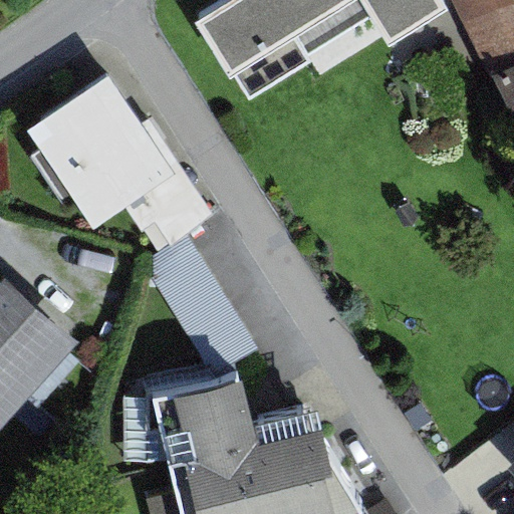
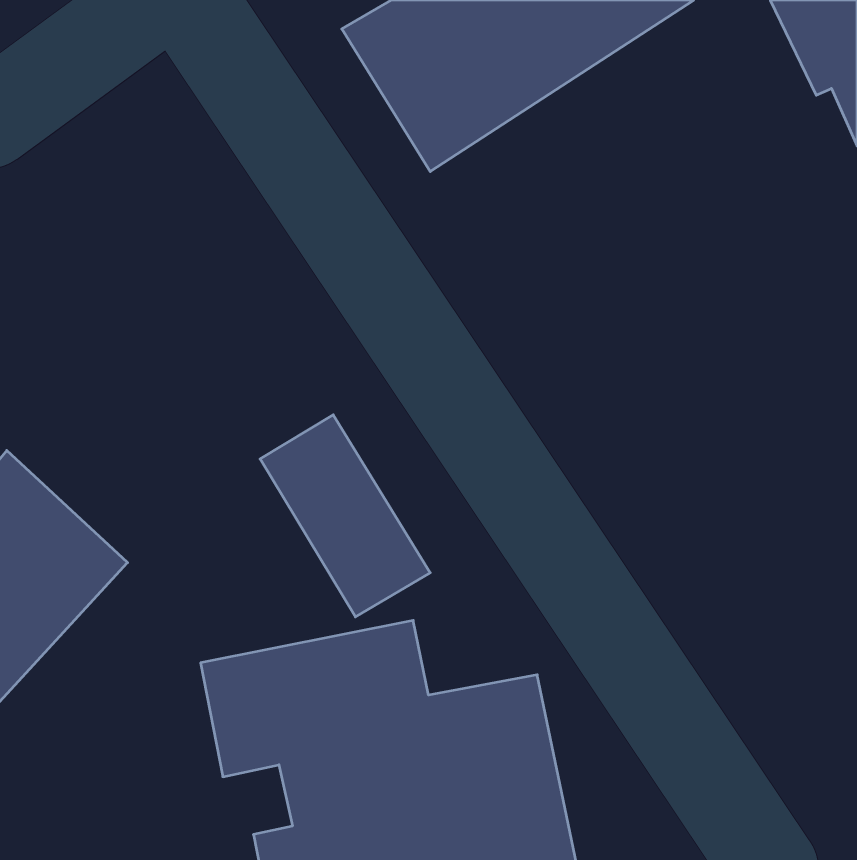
building: [28,70,217,245] -> none

